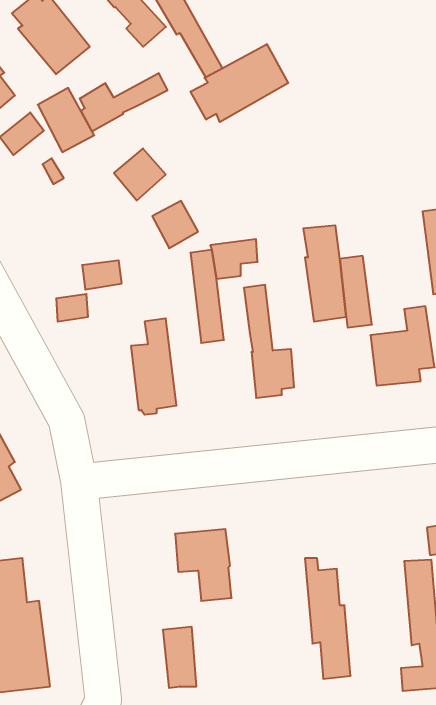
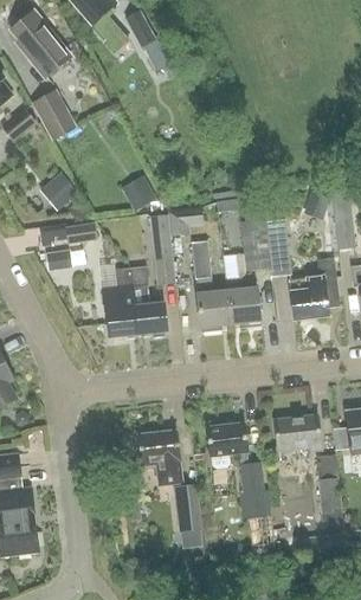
building: [191,44,288,122] -> none
building: [80,73,167,132] -> none
building: [114,148,166,200] -> [37,170,77,211]
building: none -> [130,265,167,337]
building: none -> [226,276,262,323]
building: none -> [272,413,322,451]
building: none -> [206,421,247,467]
building: [163,627,196,688] -> [175,484,201,531]

